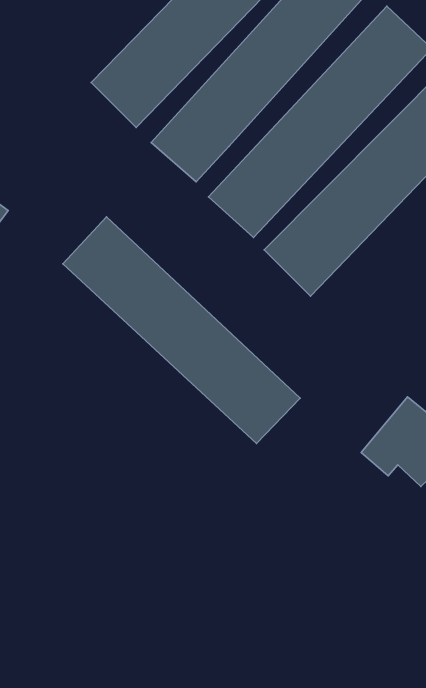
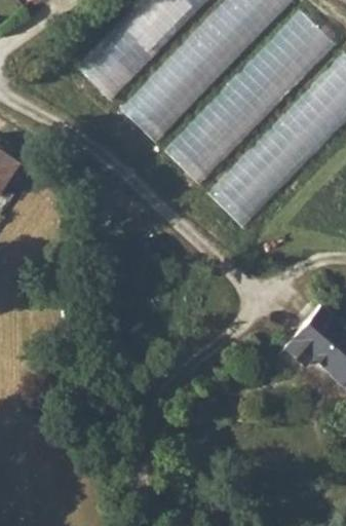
building: [63,217,300,443] -> none

